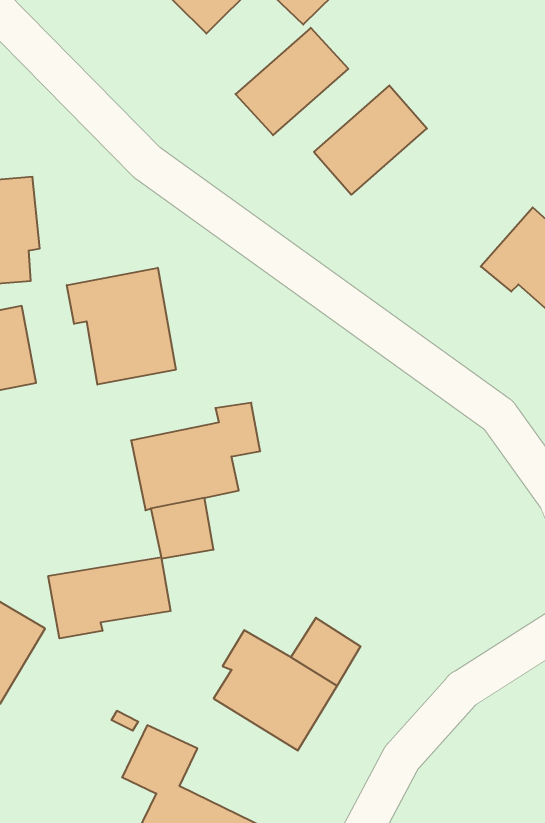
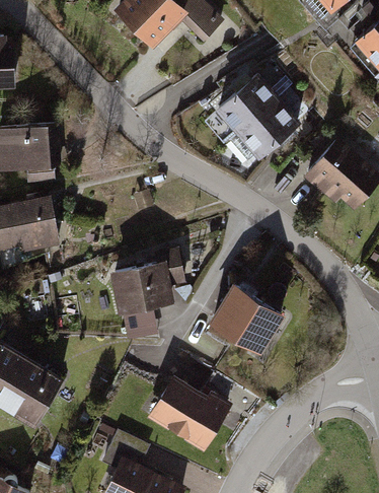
building: [235,28,348,135] -> [234,97,298,158]
building: [67,268,176,385] -> none
building: none -> [209,286,277,351]
building: [48,557,171,638] -> none

